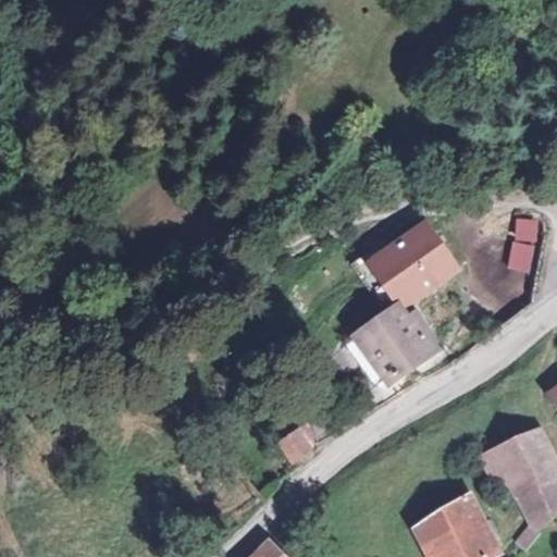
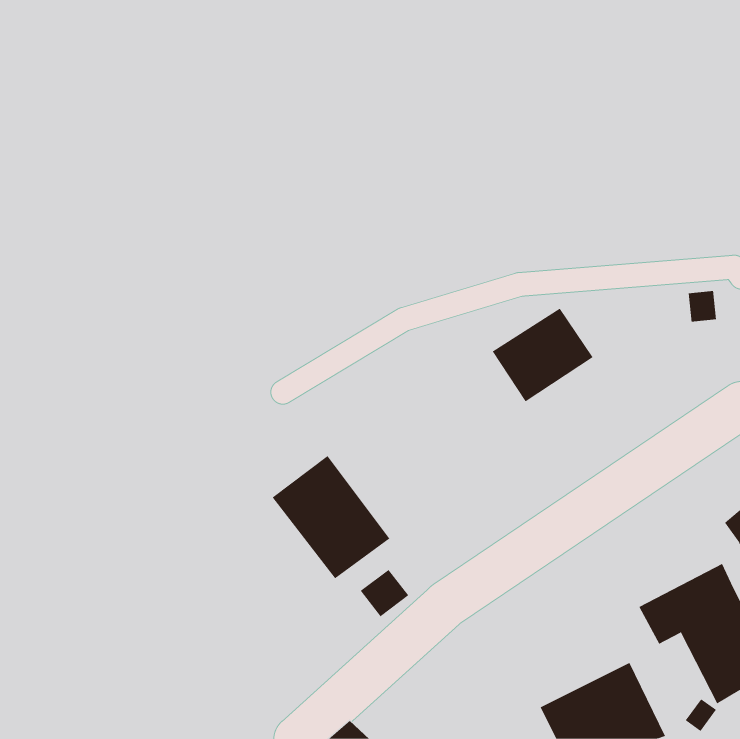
building: [342,305,443,395] -> none
building: none -> [272,455,390,579]

